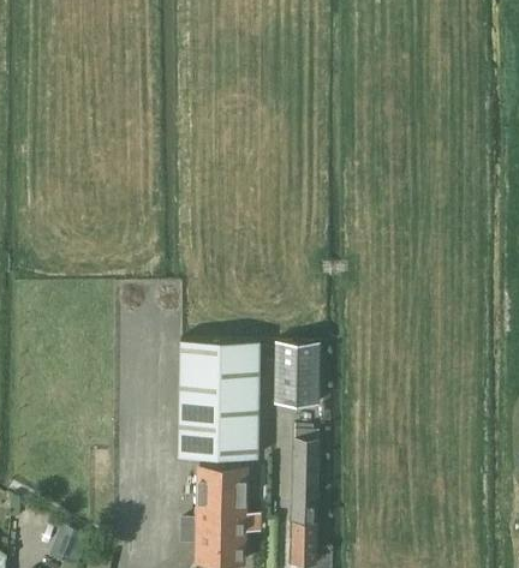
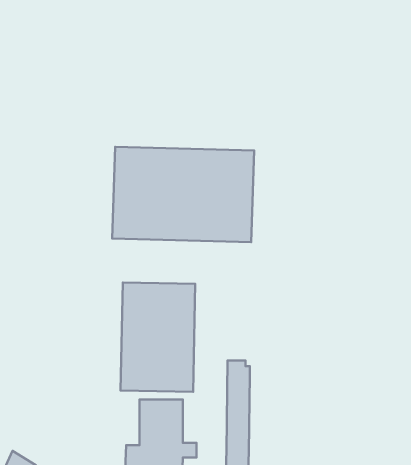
building: none -> [112,147,254,242]
building: [273,341,318,405] -> none

